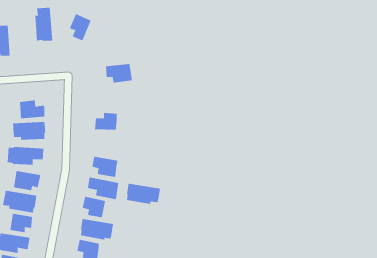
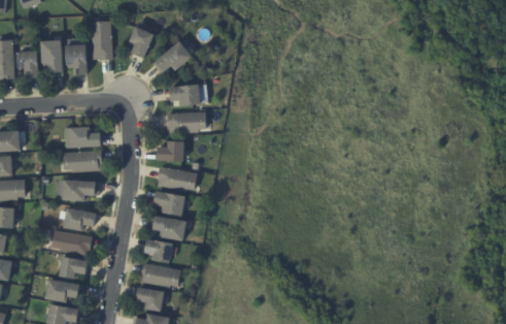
building: none -> [153,39,193,72]
building: none -> [64,40,86,71]
building: none -> [167,110,206,133]
building: [126,183,161,205] -> [158,166,198,191]

